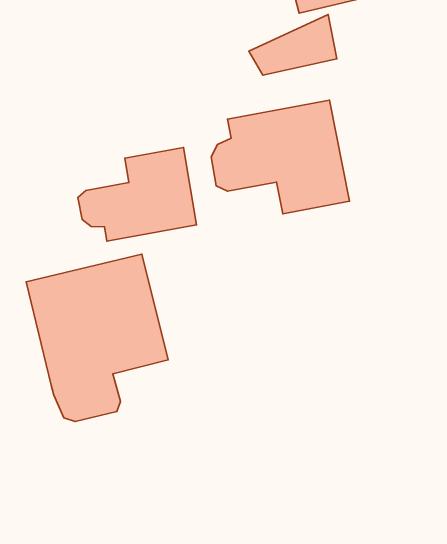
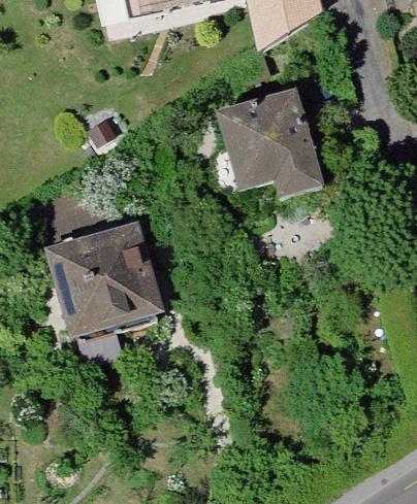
building: [78,148,197,241] -> none

